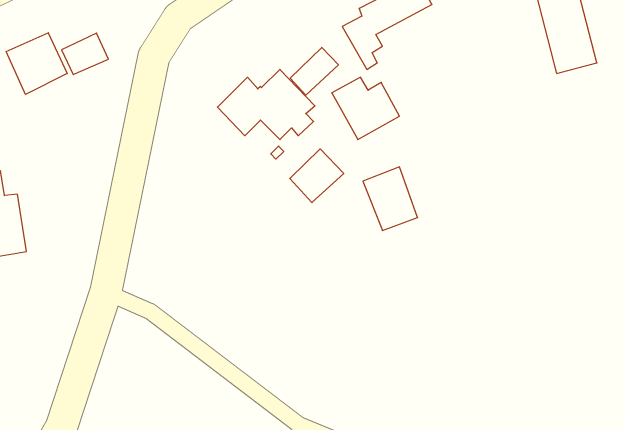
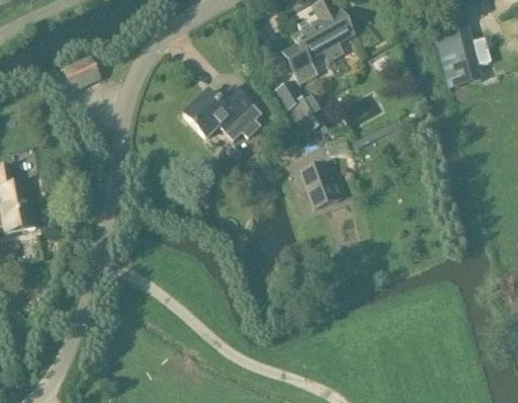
building: [6,33,67,94] -> none
building: [290,47,338,95] -> none
building: [290,149,344,203] -> none

